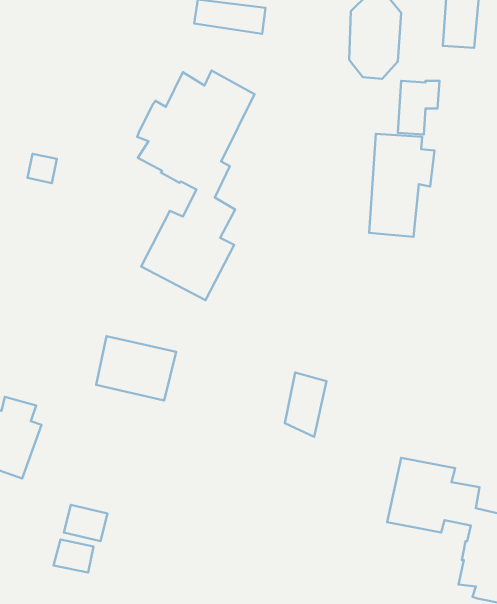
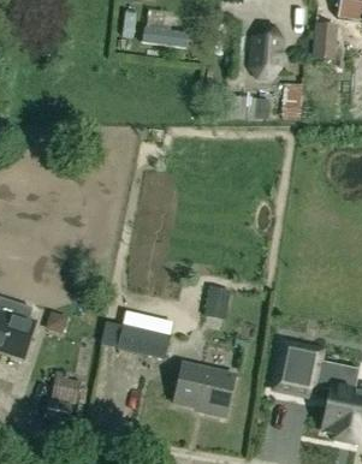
building: [137,71,254,300] -> none
building: [369,134,434,237] -> none
building: [96,336,176,400] -> [118,310,173,355]
building: none -> [174,358,235,412]

